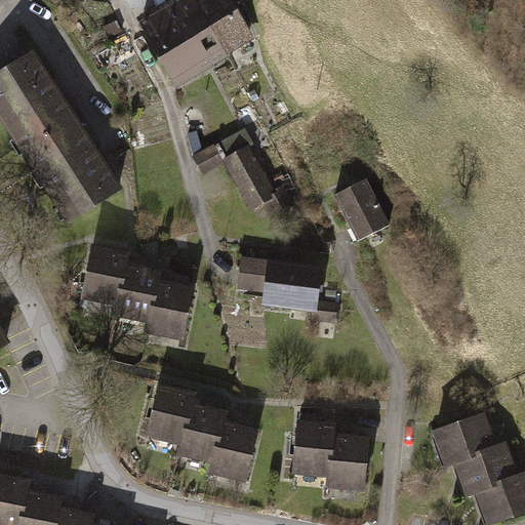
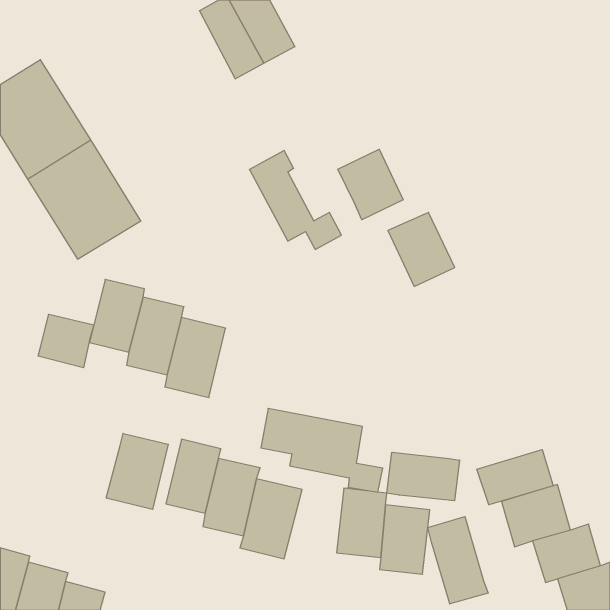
building: [140,9,202,83] -> none
building: none -> [338,149,403,220]
building: [234,255,338,327] -> [261,408,383,492]
building: none -> [38,314,94,368]
building: none -> [106,433,168,509]
building: none -> [477,450,553,505]
building: none -> [387,452,460,501]
building: none -> [428,517,488,604]

